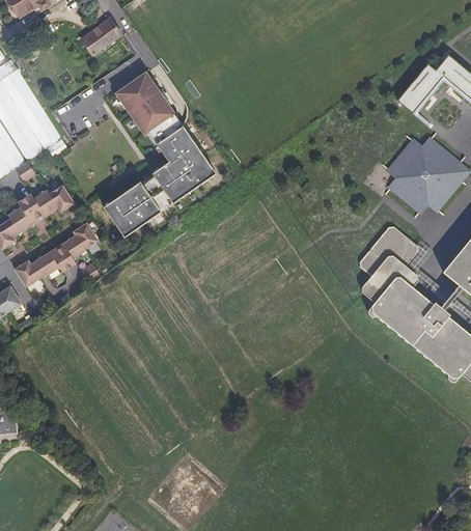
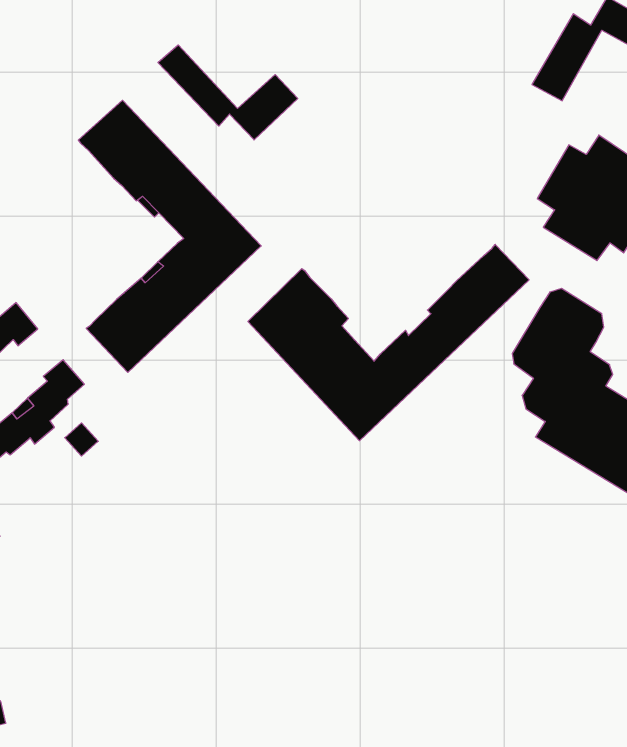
building: [83,20,124,56] -> none
building: none -> [158,45,298,140]
building: none -> [248,244,529,441]

